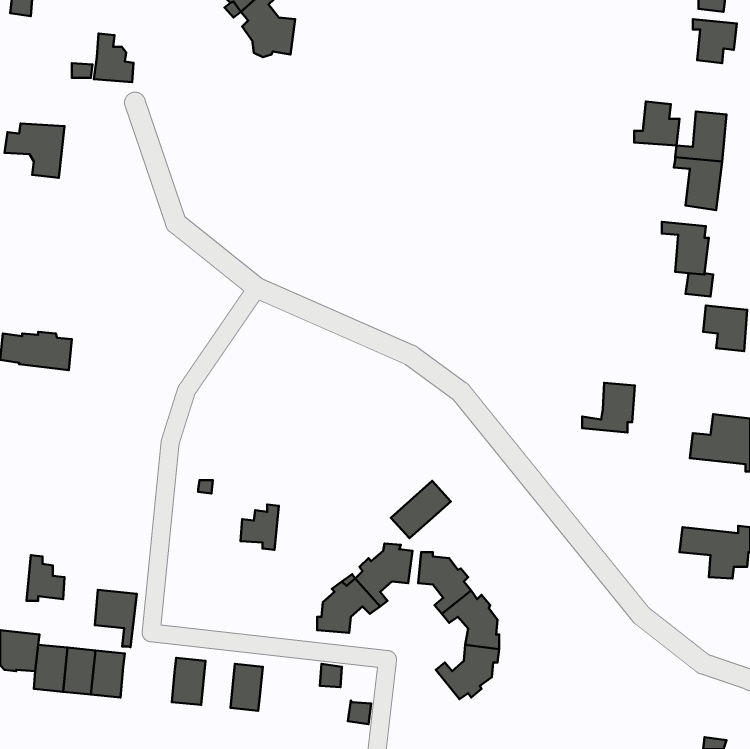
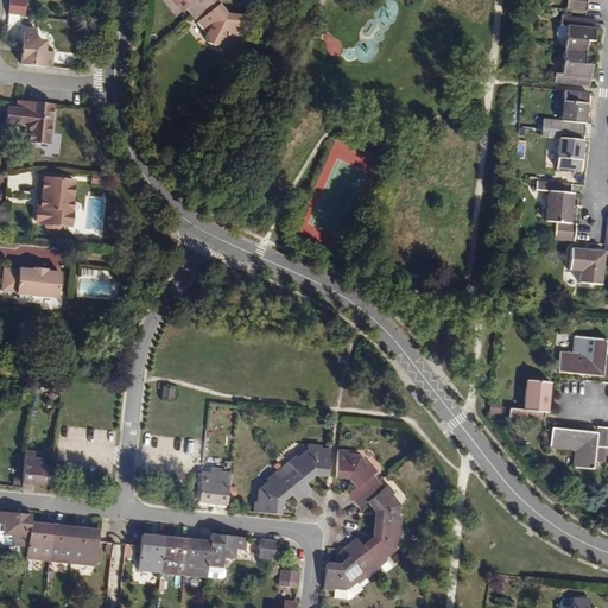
building: [94,34,134,82] -> [20,25,52,64]
building: [634,101,680,145] -> [555,49,591,84]
building: none -> [34,175,75,229]
building: [582,383,635,433] -> [508,379,551,419]
building: [391,481,451,538] -> none
building: [241,504,279,550] -> [202,470,233,507]
building: [95,590,137,647] -> none
building: none -> [209,532,248,577]
building: none -> [163,534,190,572]
building: none -> [325,542,372,594]

